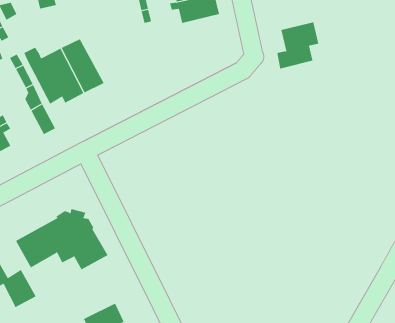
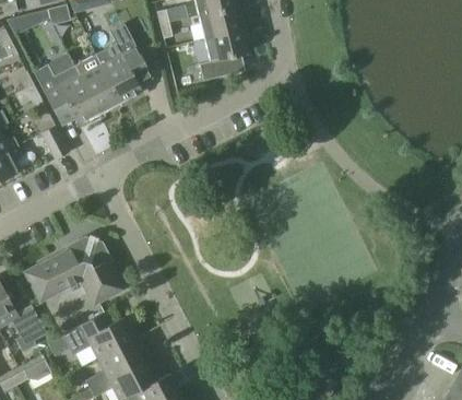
building: none -> [95,31,154,103]
building: [277,21,320,69] -> [200,28,247,81]
building: none -> [61,311,133,357]

